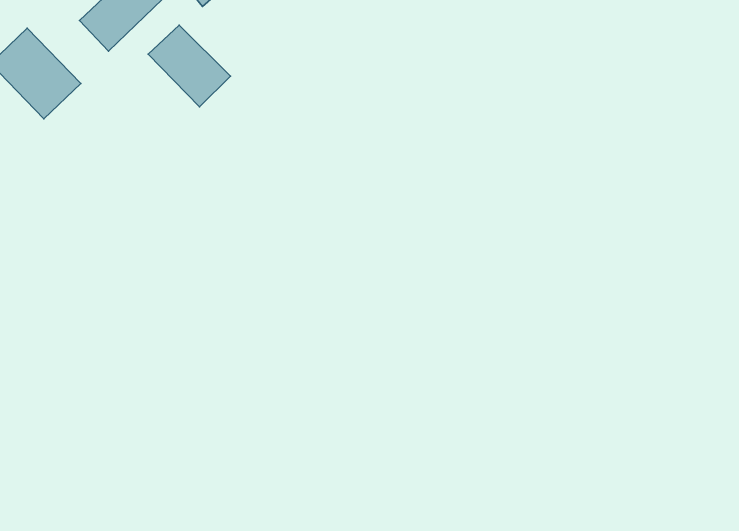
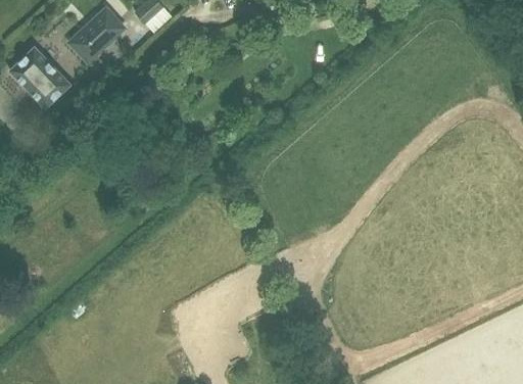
building: [148,25,231,107] -> none

